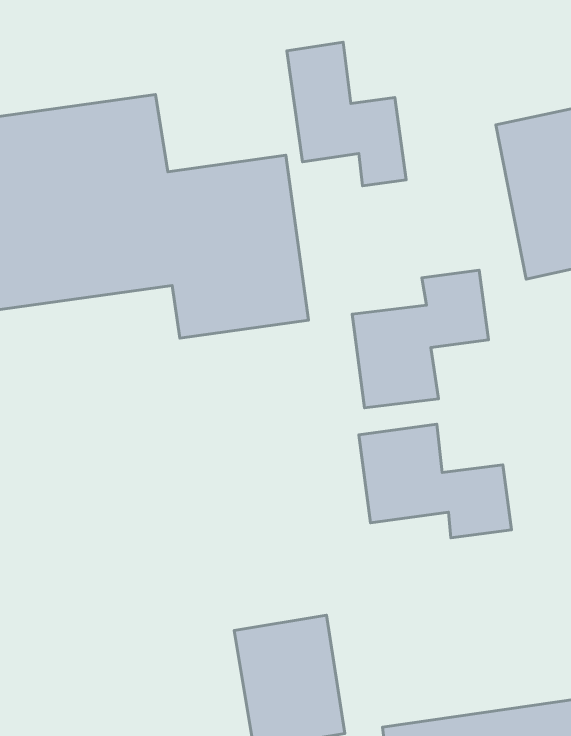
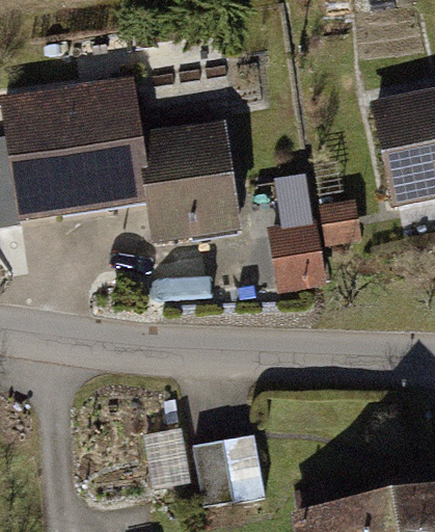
building: [287,42,406,186] -> none
building: [359,424,511,538] -> none

